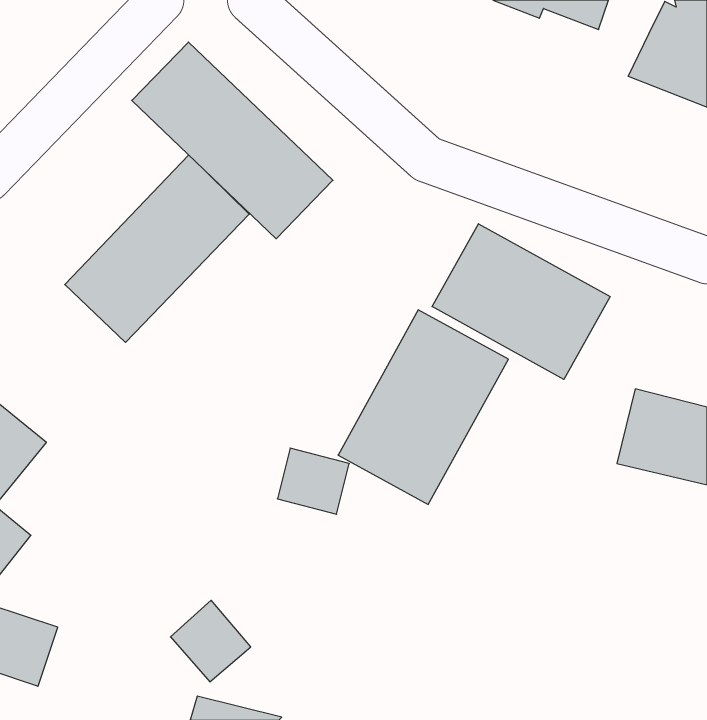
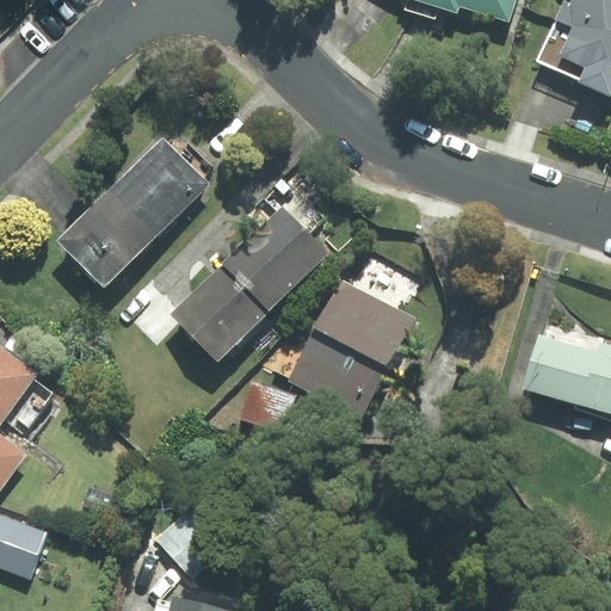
building: [132,42,333,239] -> none
building: [432,224,610,379] -> none
building: none -> [169,204,332,364]

